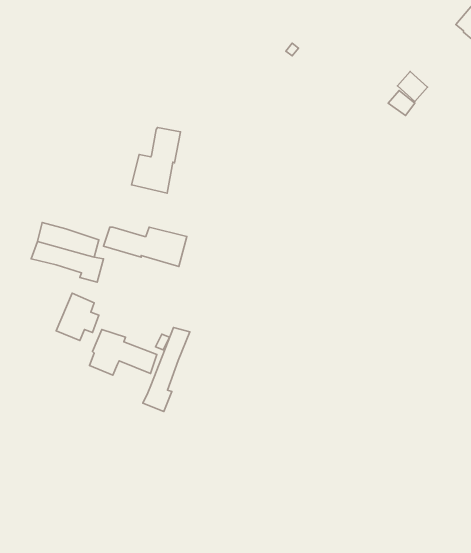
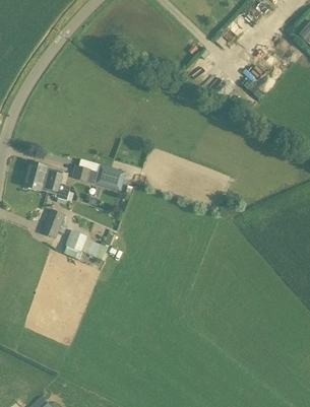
building: [132,128,180,193] -> none
building: [143,327,190,411] -> none

